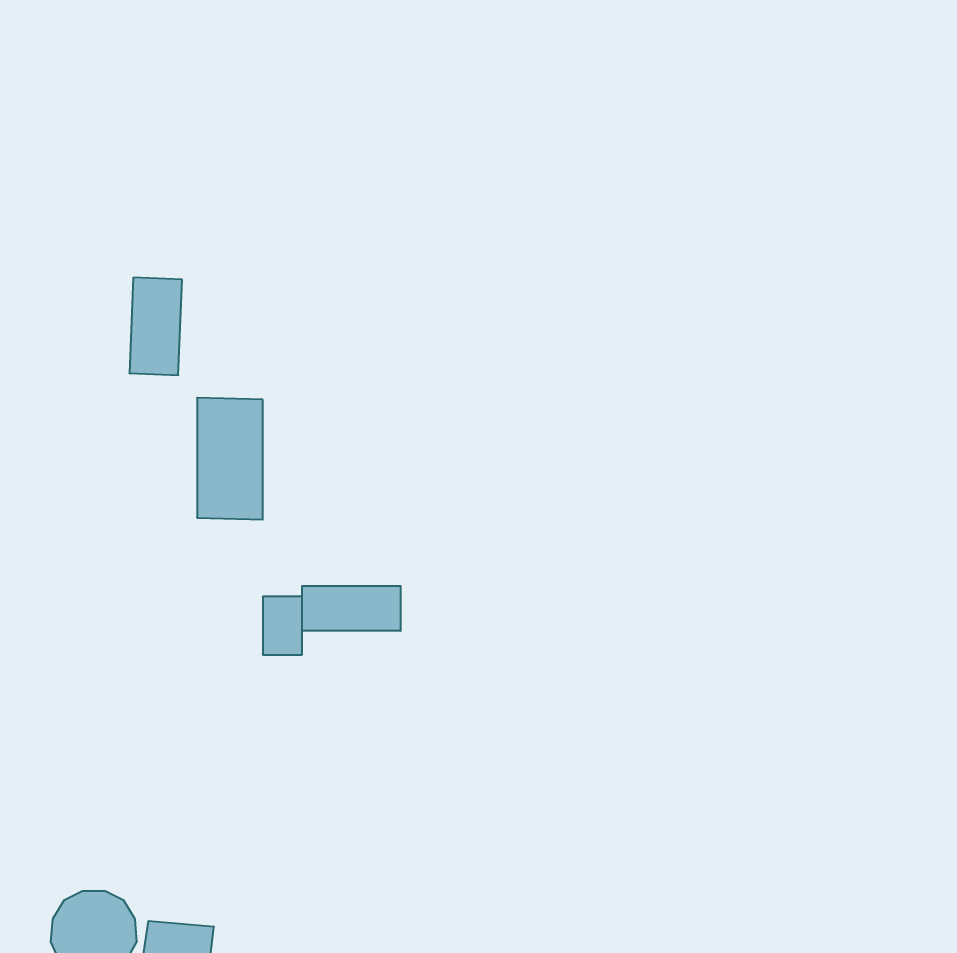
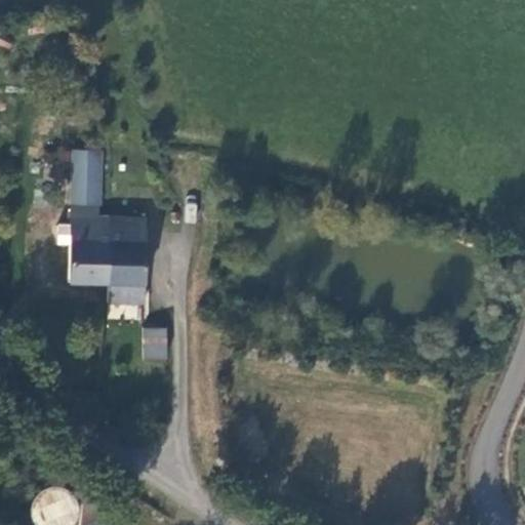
building: none -> [69,207,109,286]
building: [302,586,401,631] -> none

